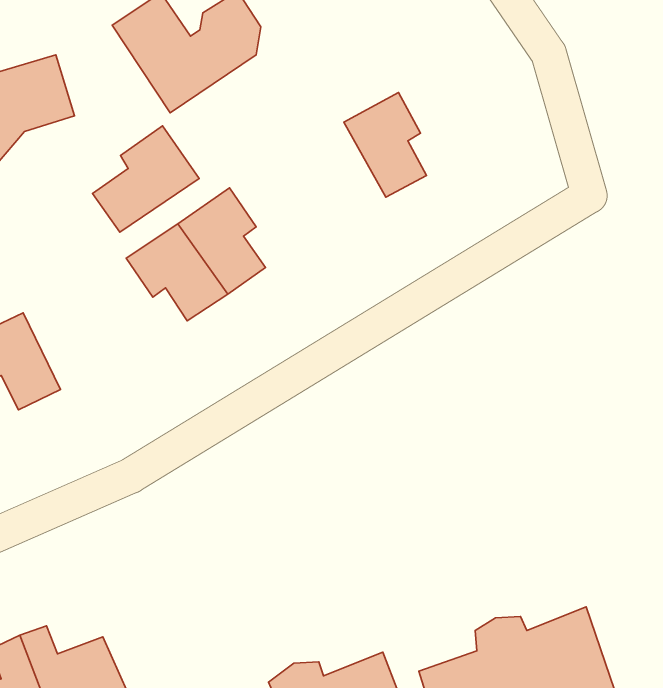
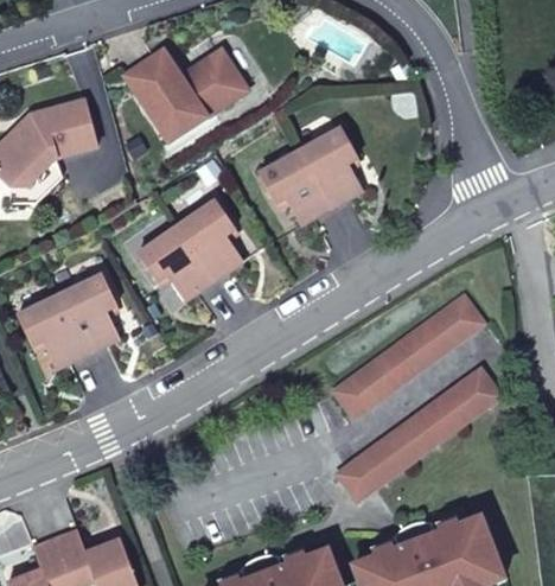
building: none -> [259,148,332,223]
building: [92,126,199,232] -> none
building: none -> [57,273,117,351]
building: none -> [333,294,486,419]
building: none -> [339,371,500,502]

